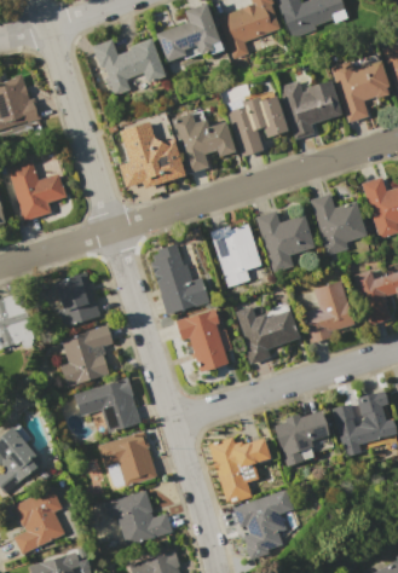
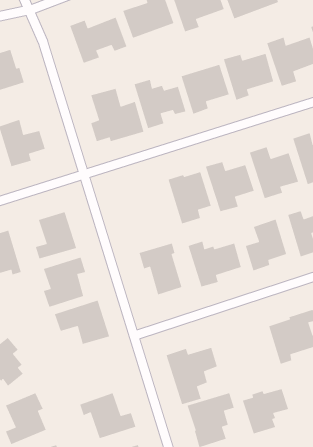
building: [150,243,210,314] -> none
building: [275,410,331,465] -> [242,388,289,434]
building: [99,430,160,491] -> none

